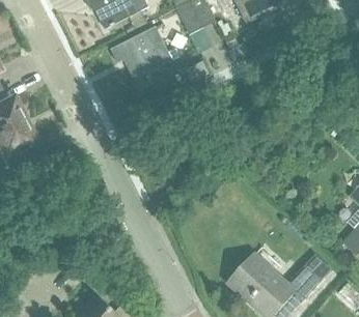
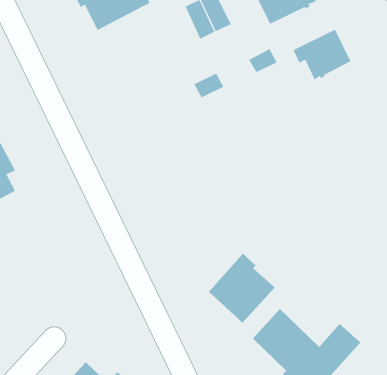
building: none -> [293,29,351,80]
building: [111,26,173,89] -> none
building: none -> [208,253,275,324]

